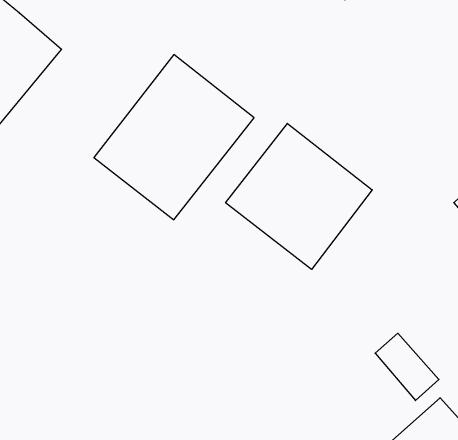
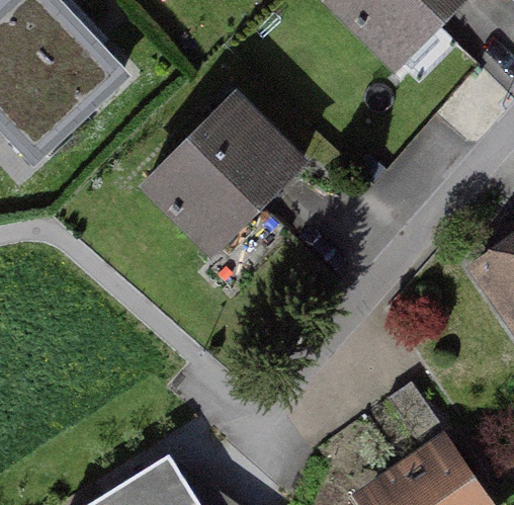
building: [226,123,372,269] -> none

